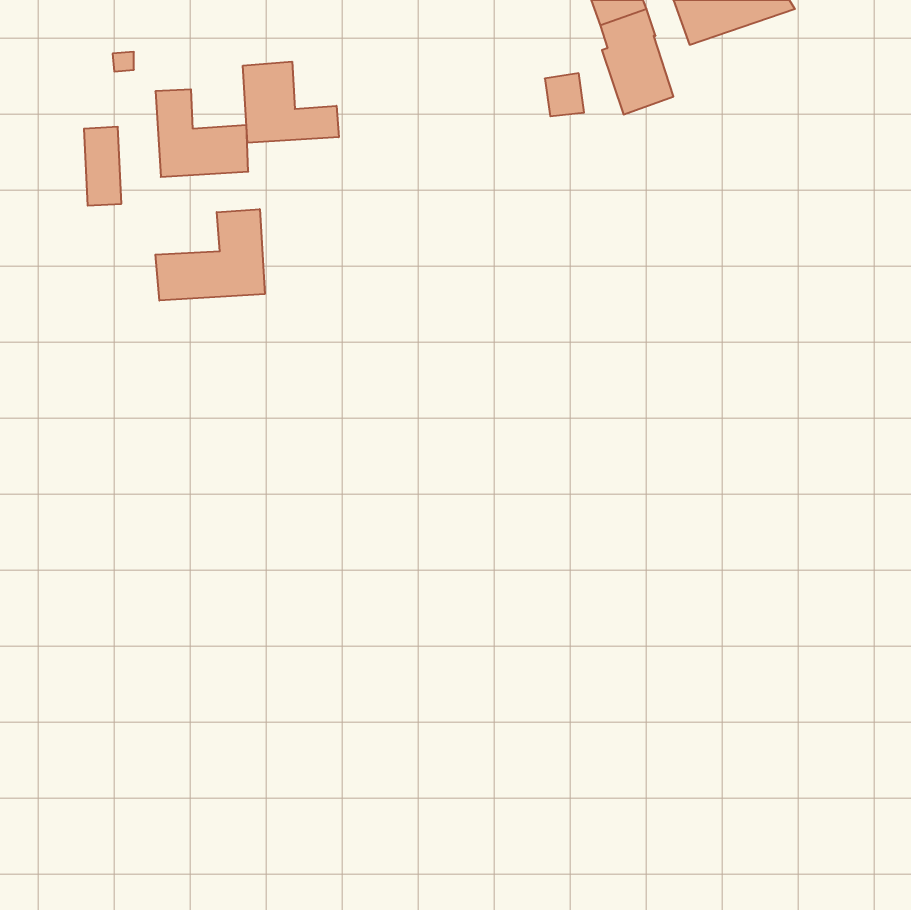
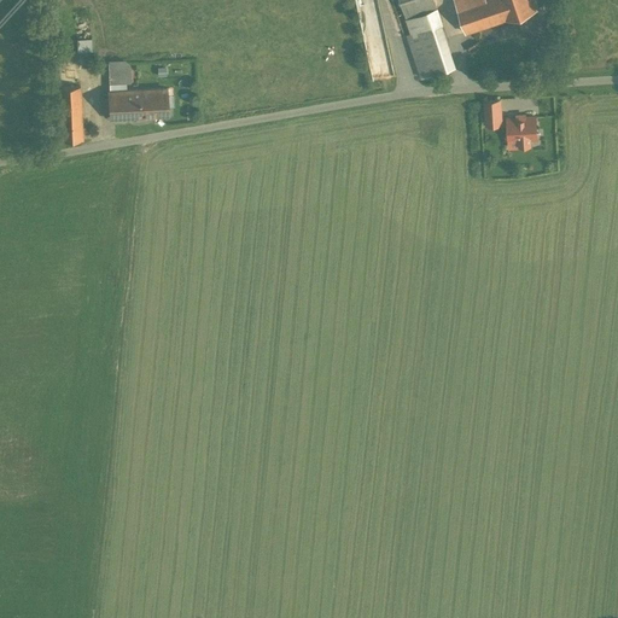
building: [243,62,339,143] -> none
building: none -> [483,98,537,148]
building: [155,209,265,301] -> none

